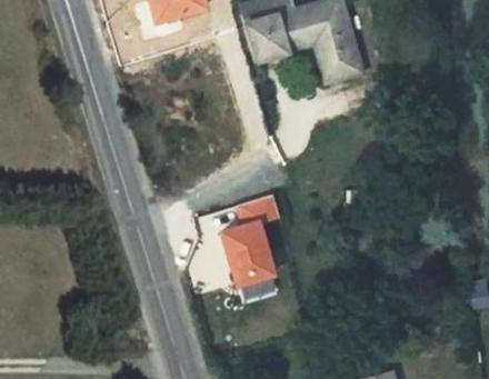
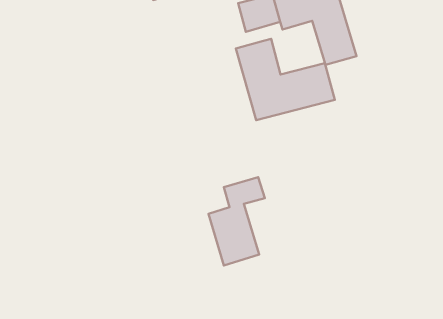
building: none -> [236,39,335,120]

